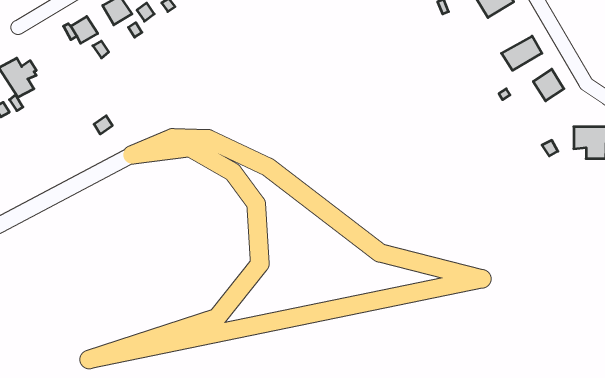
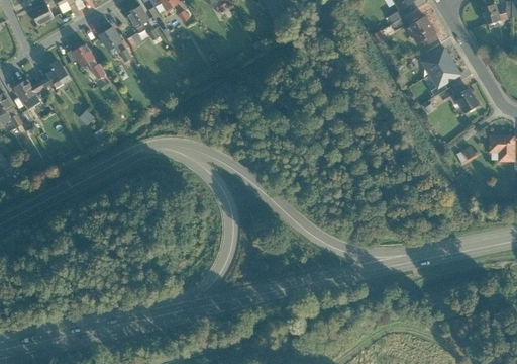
building: none -> [420,47,453,75]
building: none -> [40,61,68,89]

